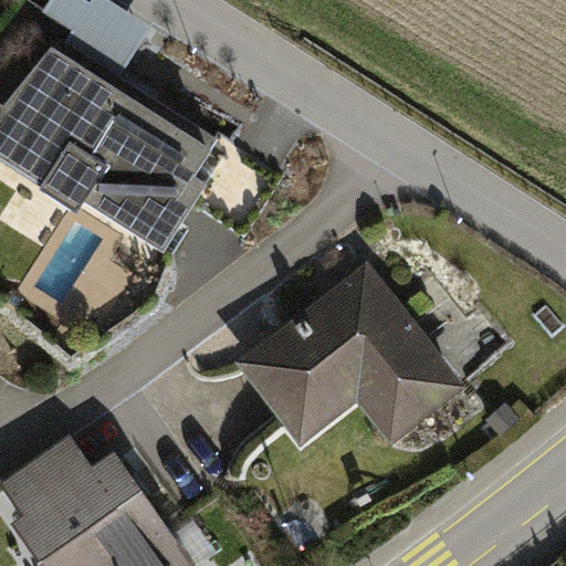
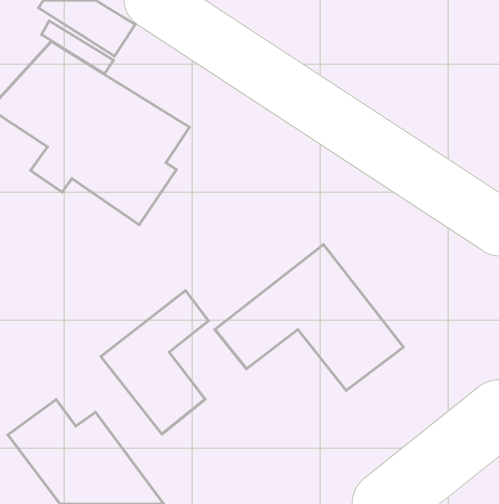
building: none -> [101,291,209,434]

